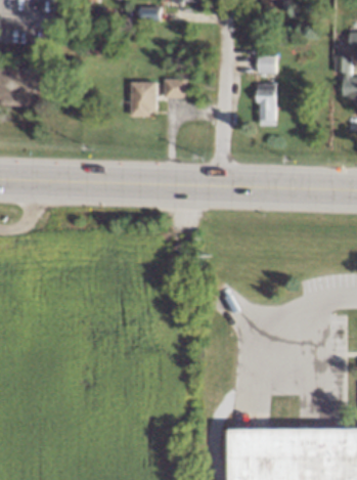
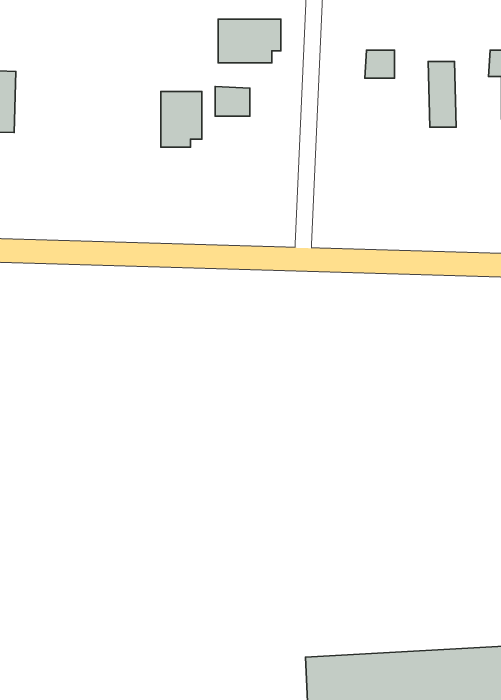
building: none -> [218,19,281,63]
building: [258,84,275,125] -> [428,61,456,127]

